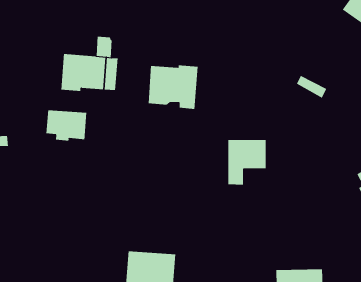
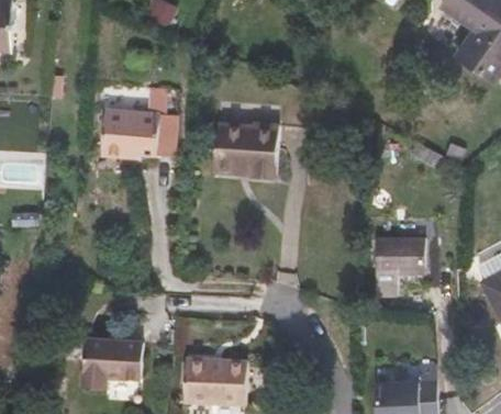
building: [46,109,87,142] -> none
building: [228,140,266,185] -> [377,236,426,294]
building: none -> [82,344,143,389]

